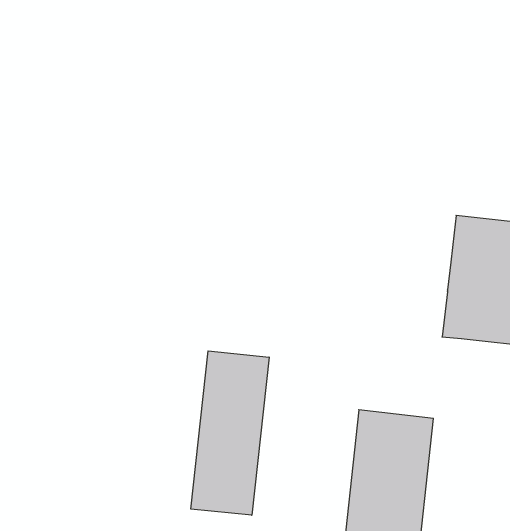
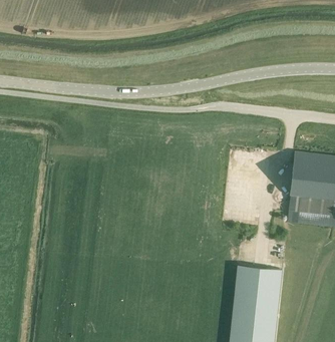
building: [191,351,269,515] -> none

